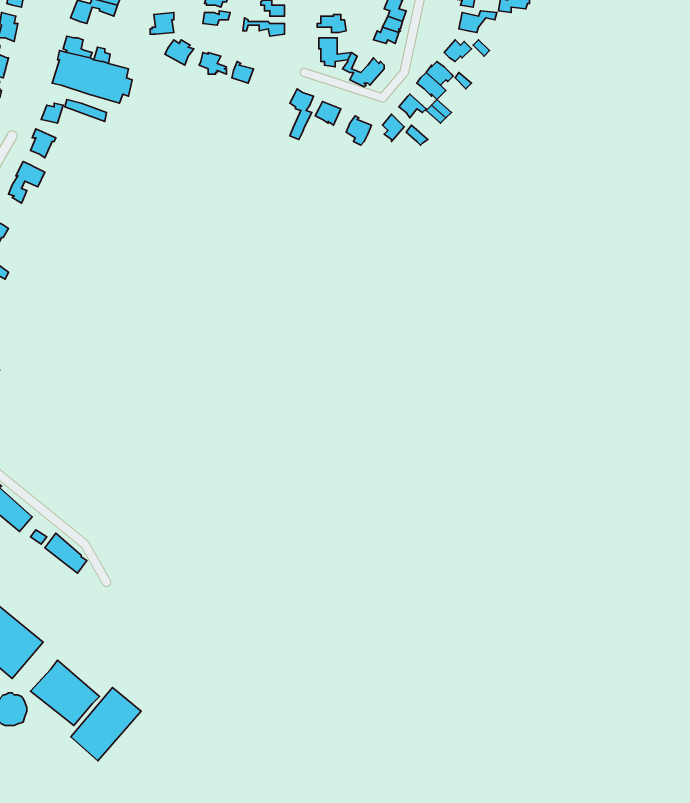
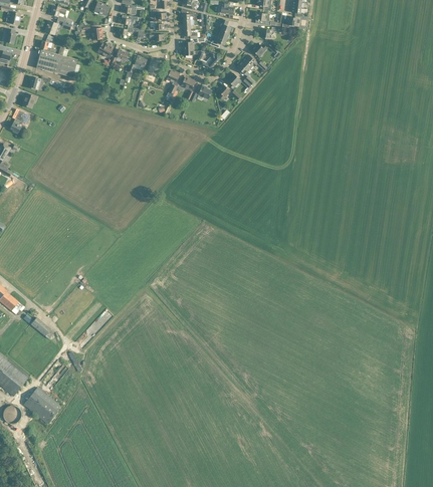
building: [71,687,141,761] -> none

